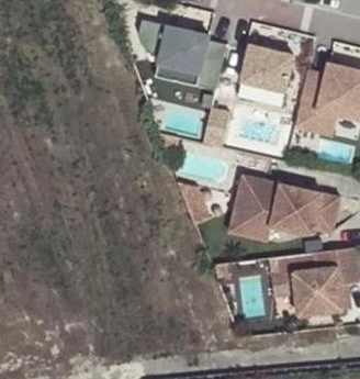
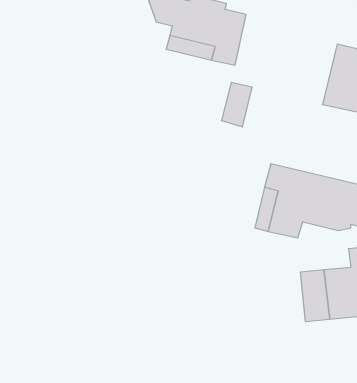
building: [240,45,292,91] -> none

